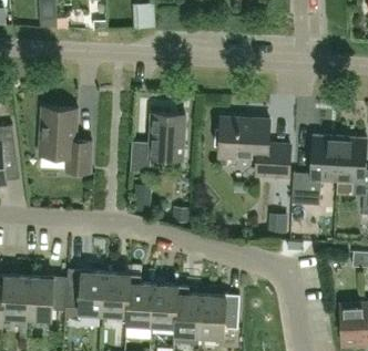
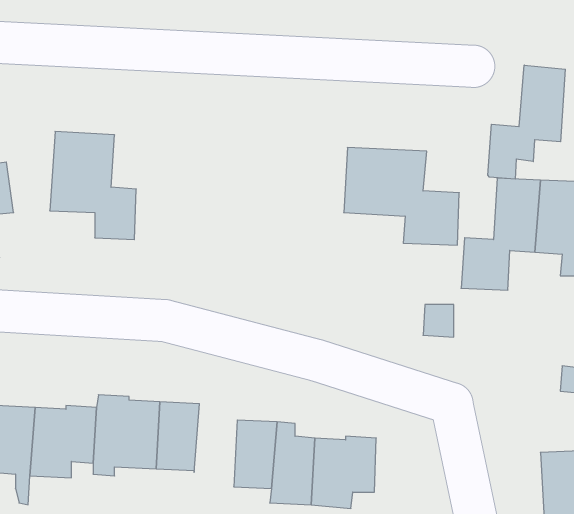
building: none -> [488,65,565,179]
building: [131,114,185,173] -> none
building: [126,275,154,326] -> none

